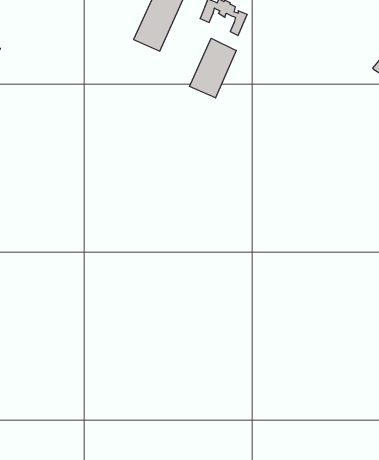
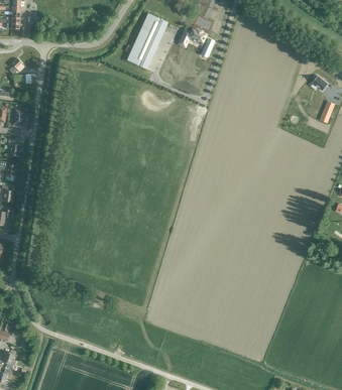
building: [190,38,236,98] -> none

